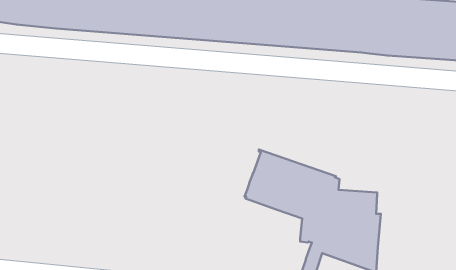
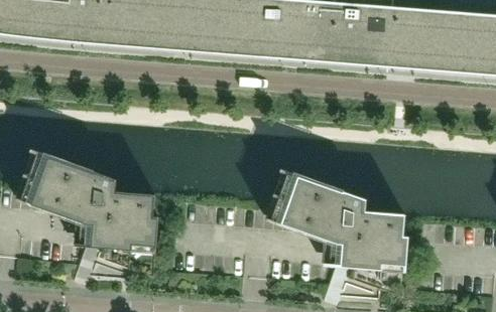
building: none -> [18,149,160,281]

